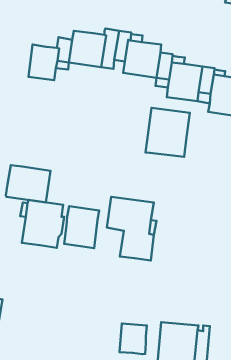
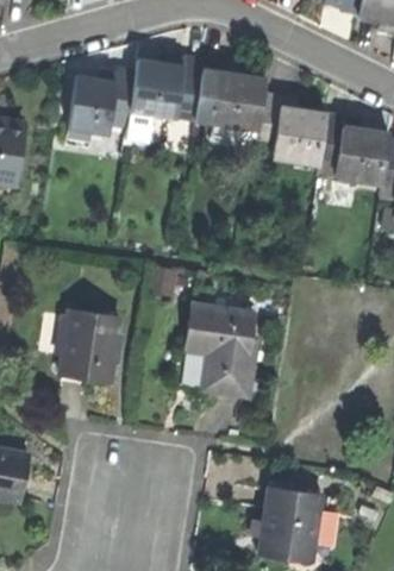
building: [145,108,190,157] -> none
building: [6,165,50,202] -> none
building: [64,206,99,248] -> none
building: [119,323,147,354] -> none

